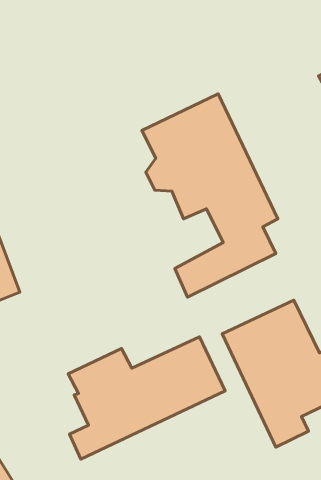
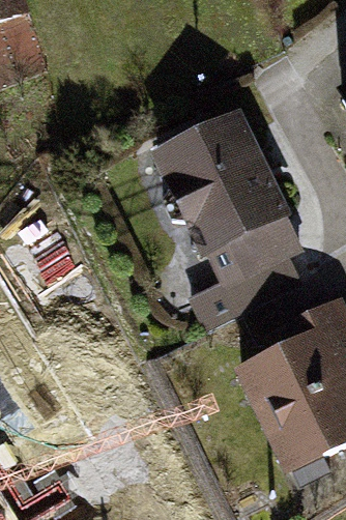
building: [68,337,225,459] -> none

